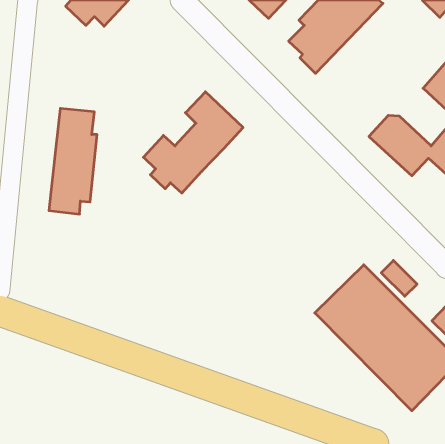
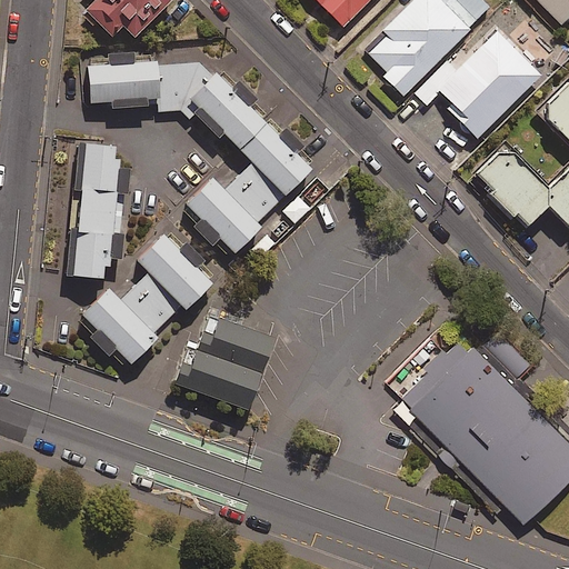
building: none -> [416,33,537,139]
building: none -> [87,61,263,147]
building: none -> [81,233,208,360]
building: none -> [176,320,274,411]

